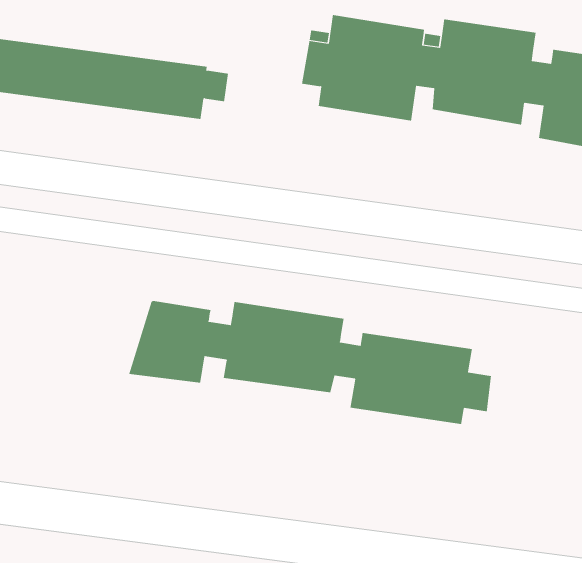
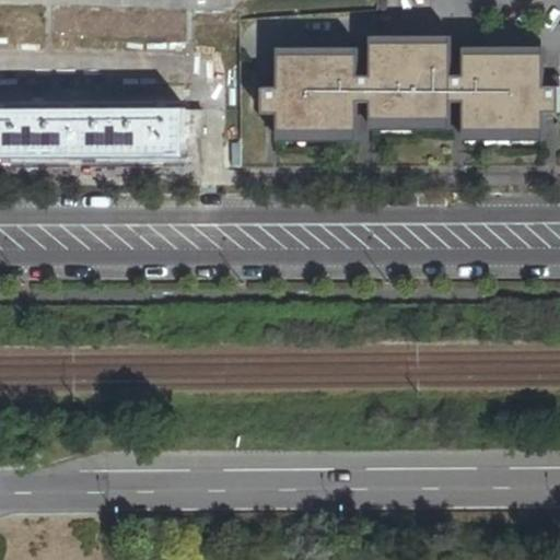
building: [128,300,491,425] -> none

